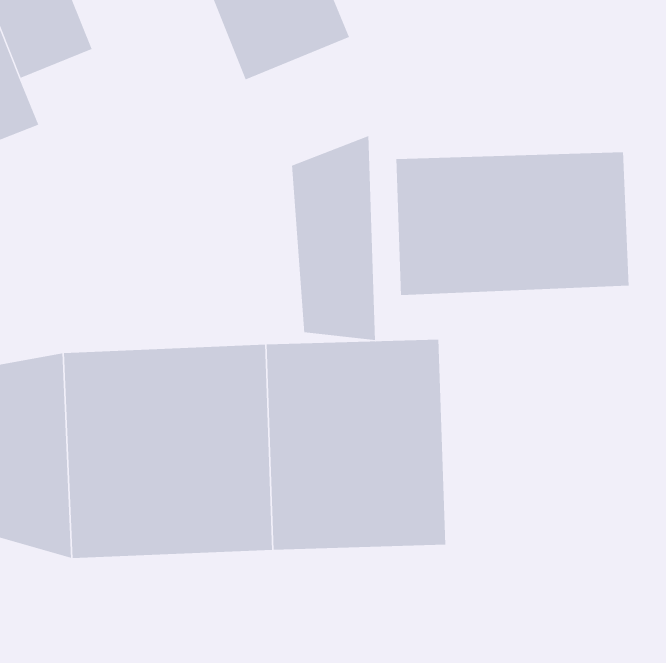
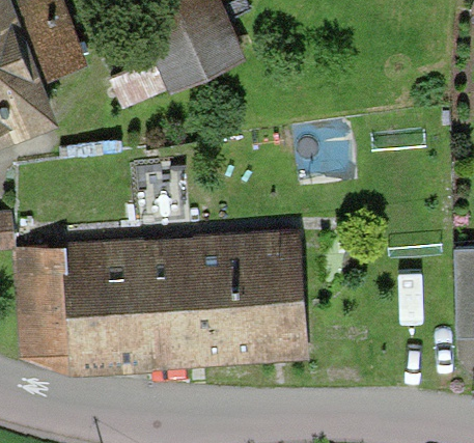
building: [291,135,376,341] -> none
building: [396,151,629,296] -> none

